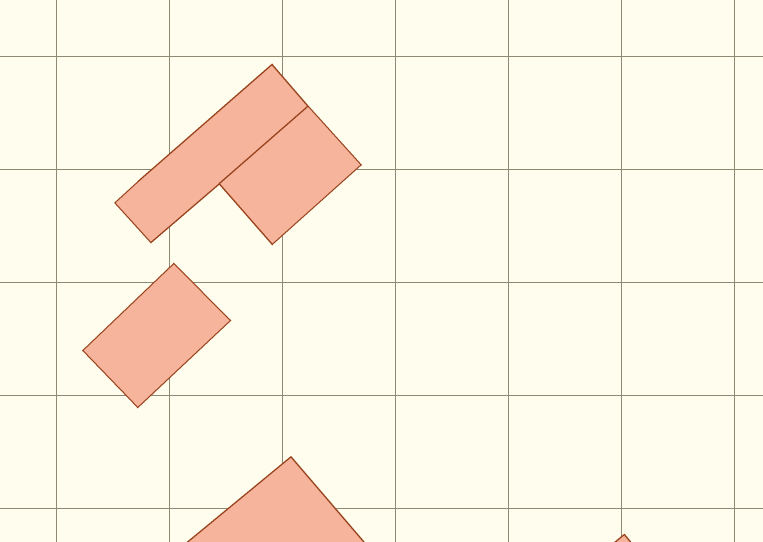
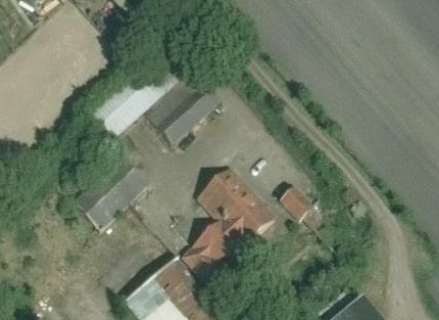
building: none -> [184,167,274,283]
building: none -> [282,184,313,217]

